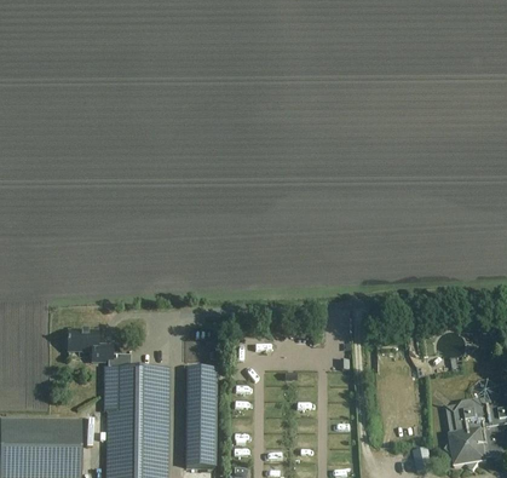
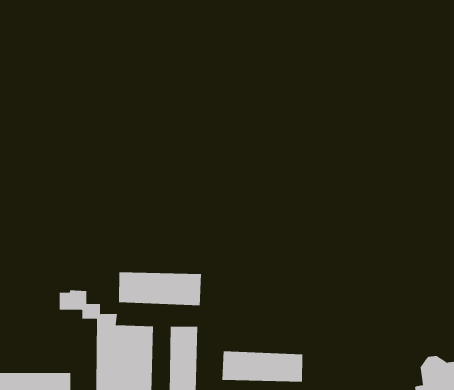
building: none -> [118,272,202,306]
building: none -> [222,351,303,383]

